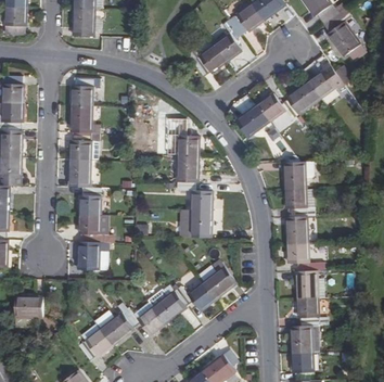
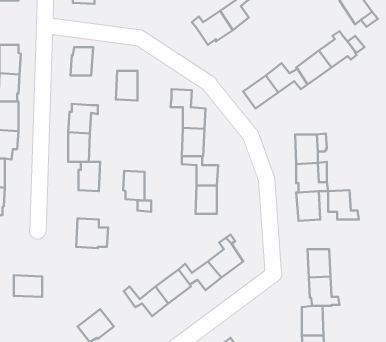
building: [69,104,90,132] -> [116,71,138,100]
building: [77,214,98,242] -> [123,171,145,200]
building: [289,242,318,270] -> [328,190,359,220]
building: [99,310,133,344] -> none

